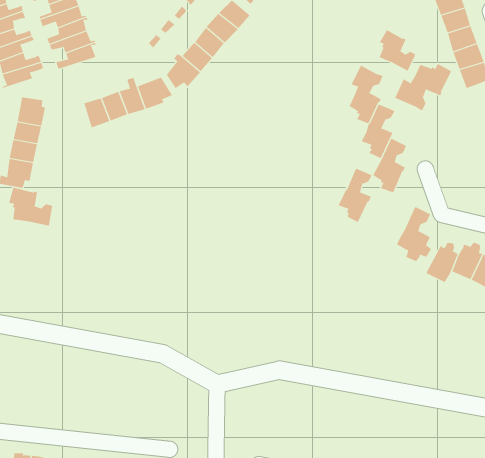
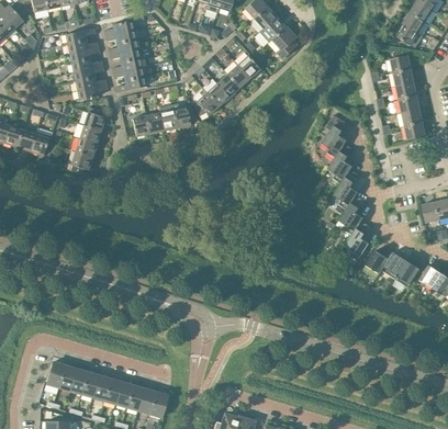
building: [379,29,417,71] -> none
building: [395,63,452,111] -> none
building: [338,167,372,223] -> [339,194,367,235]
building: [9,186,54,226] -> none

